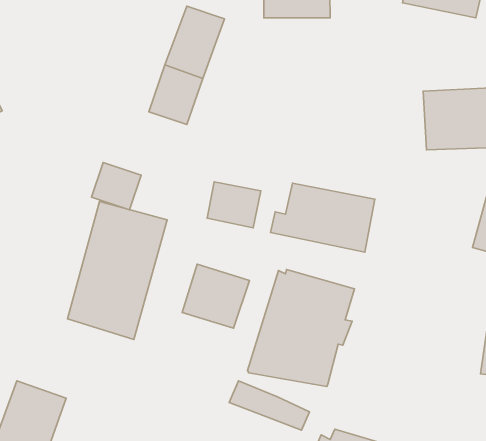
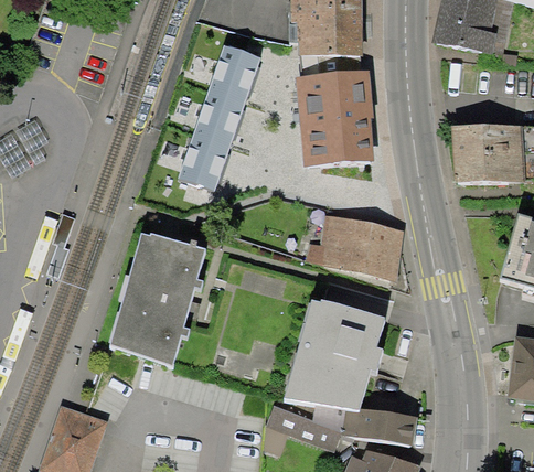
building: none -> [296,71,375,165]
building: [92,163,141,210] -> [178,147,225,192]
building: [207,182,261,228] -> none
building: [182,264,249,328] -> none
building: none -> [312,403,418,447]

